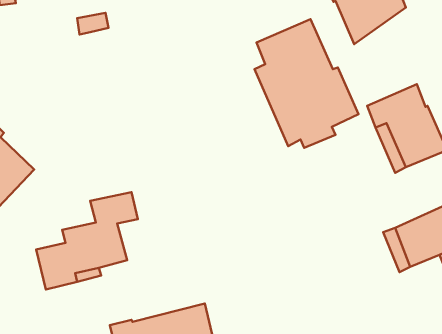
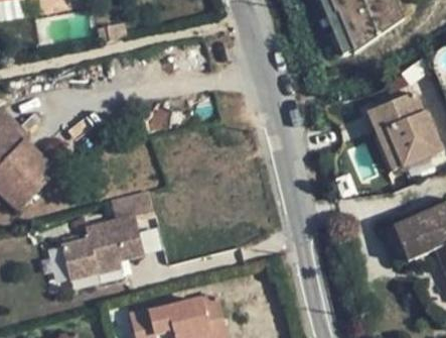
building: [254,19,358,148] -> none

